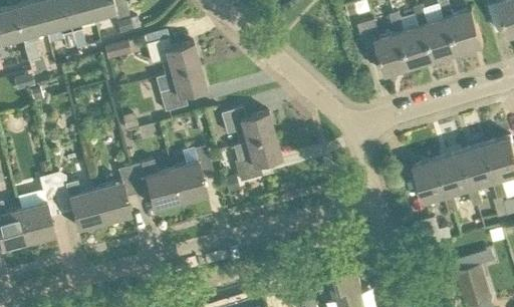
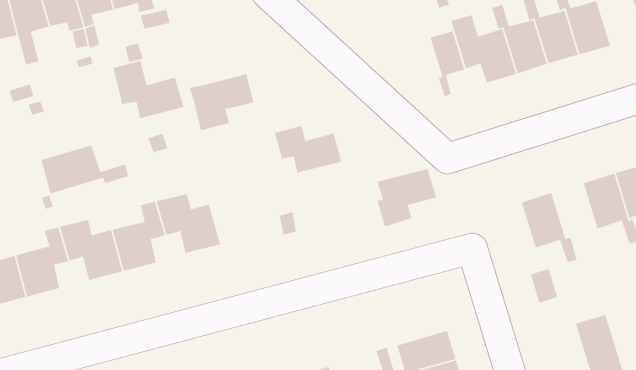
building: [144,31,200,77] -> [113,60,185,119]
building: none -> [430,31,465,97]
building: none -> [40,145,129,194]
building: [234,137,281,184] -> [377,168,437,228]
building: [171,147,213,202] -> none
building: [438,154,483,209] -> none

